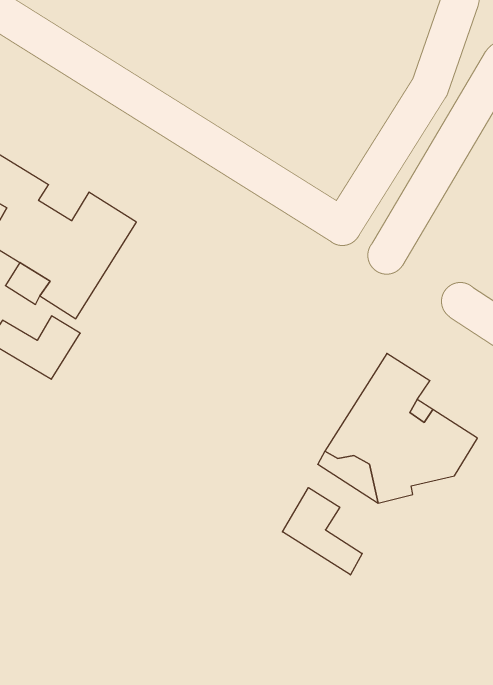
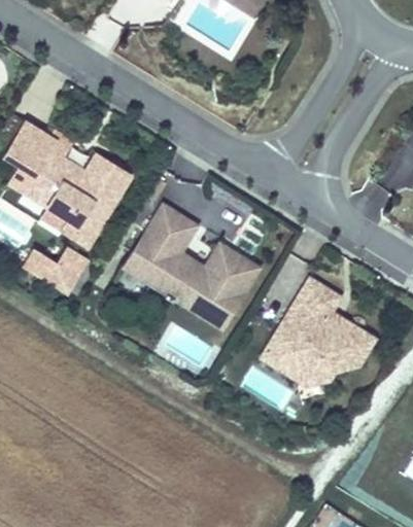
building: none -> [129,207,261,322]
building: [282,488,362,575] -> none

